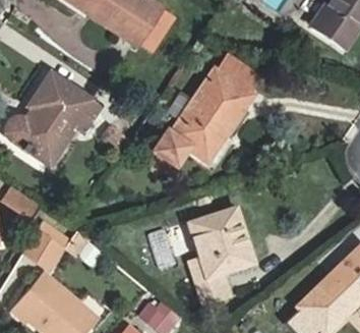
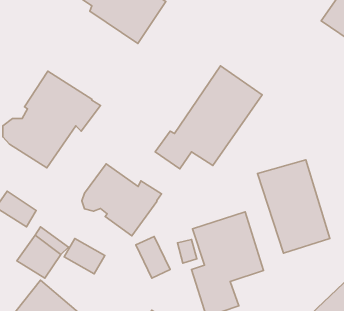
building: [218,52,265,95] -> none
building: none -> [258,160,330,253]
building: none -> [82,164,162,236]

